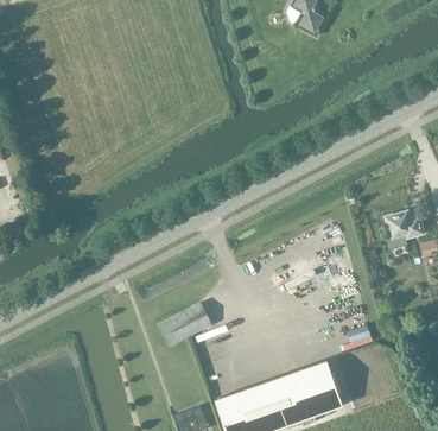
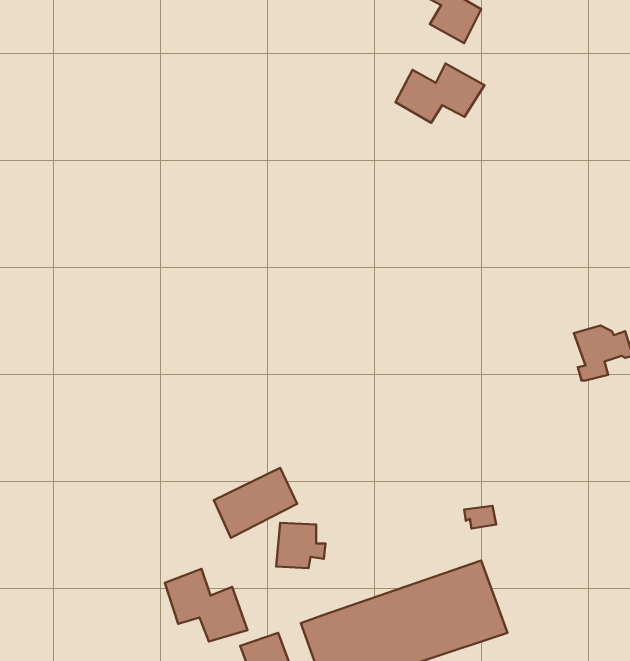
building: none -> [395,64,484,123]
building: none -> [165,569,247,642]

